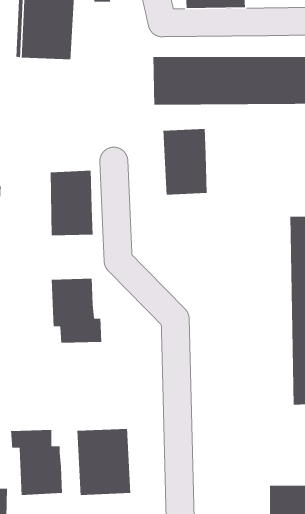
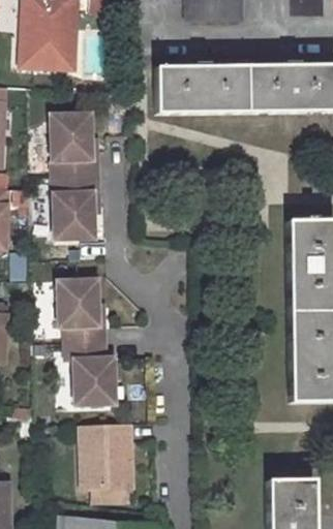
building: [163,128,208,196] -> [51,112,94,177]
building: [10,429,63,496] -> [64,341,115,405]

